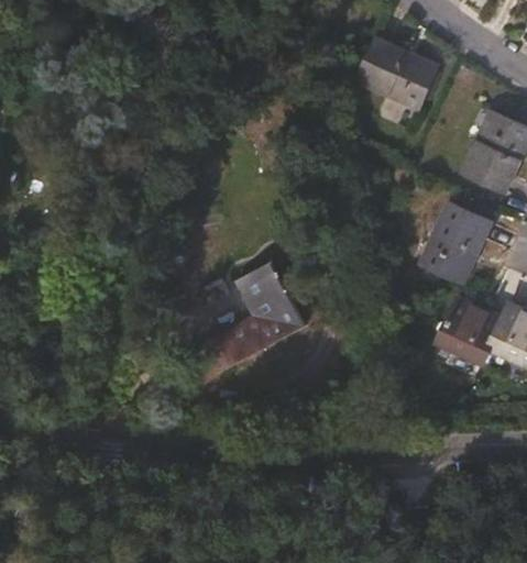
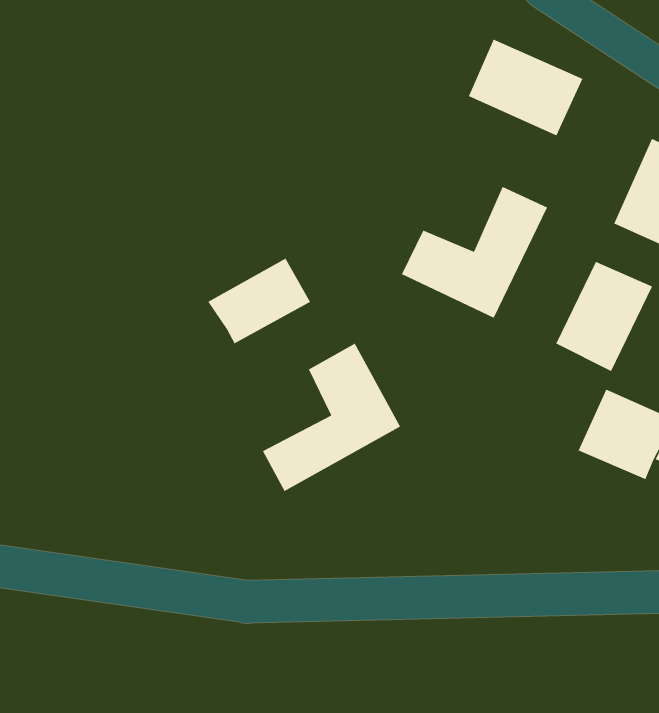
building: none -> [401,186,548,319]
building: none -> [207,258,311,344]

